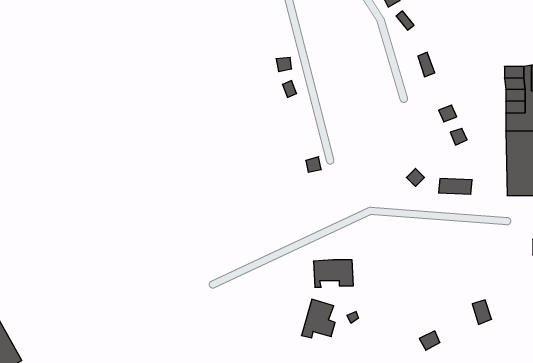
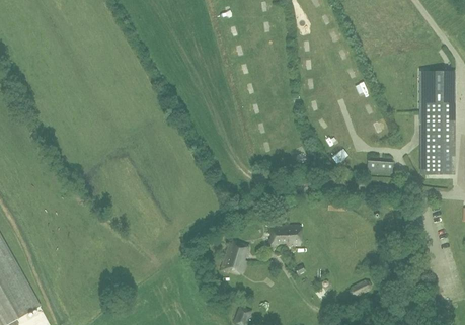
building: [301,299,335,338] -> [219,242,245,272]

